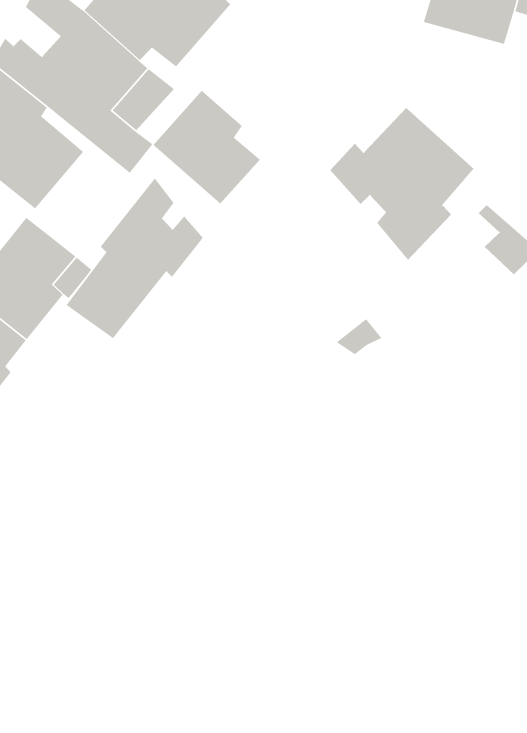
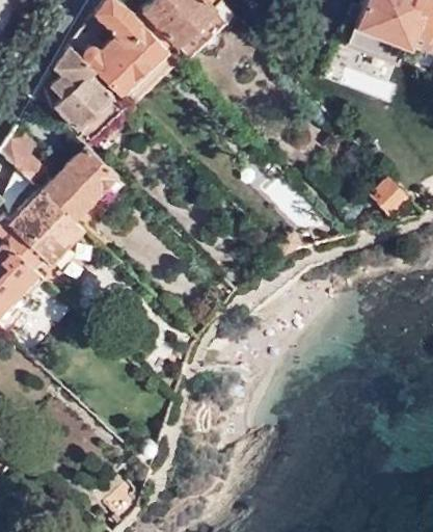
building: [153,90,261,205] -> none
building: [330,107,475,261] -> none
building: [65,177,204,339] -> none

